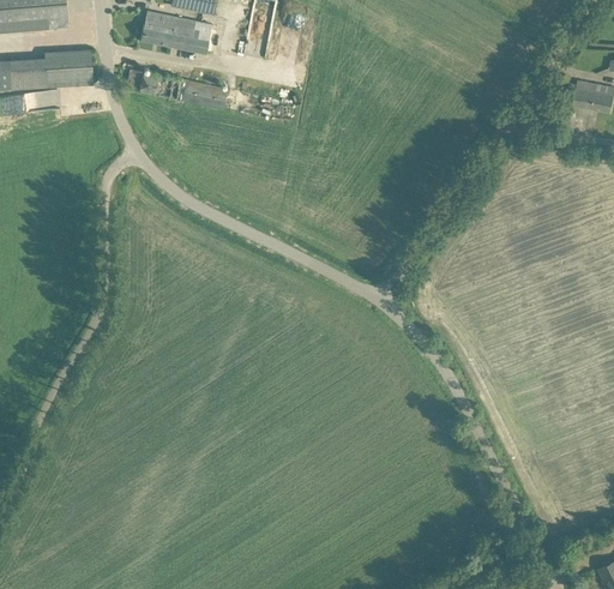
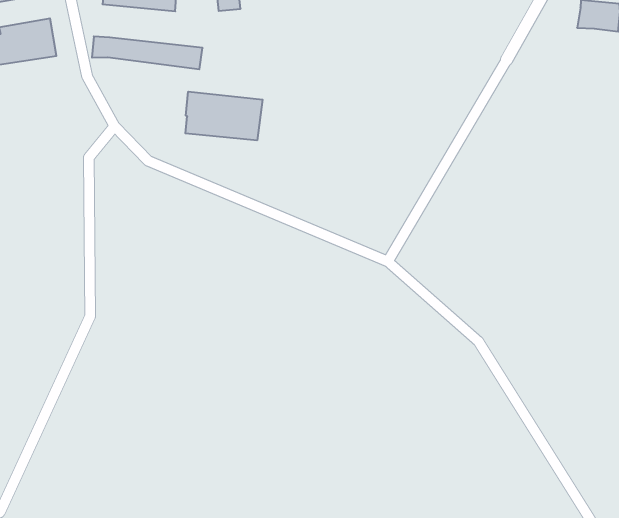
building: none -> [185,92,263,140]

